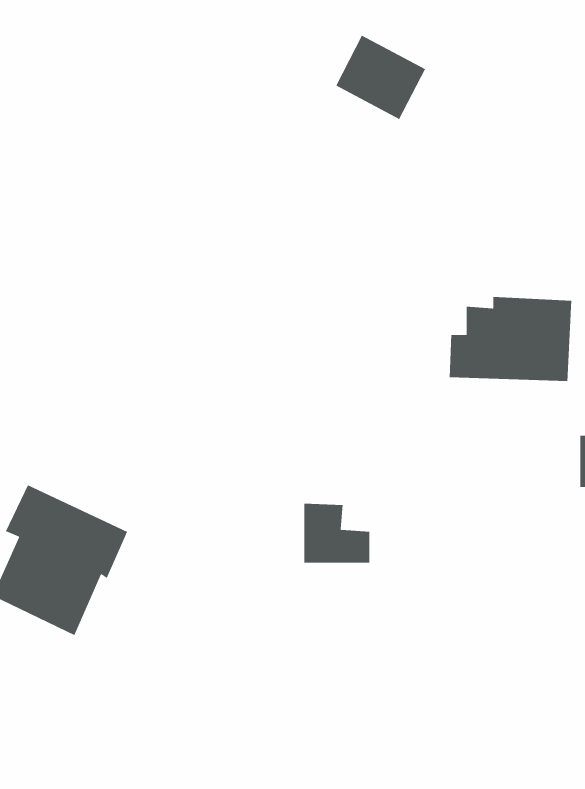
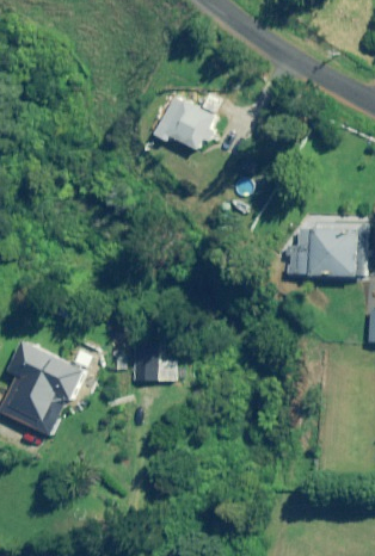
building: [335,35,426,120] -> [159,95,216,149]
building: [304,503,370,563] -> [131,342,173,381]

